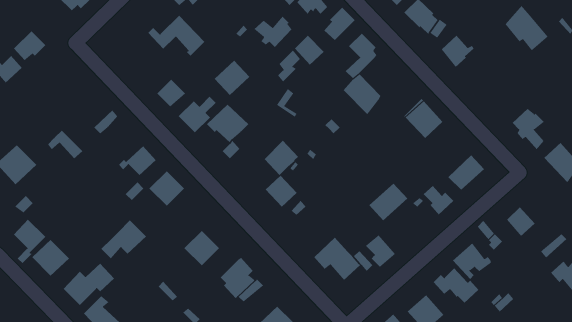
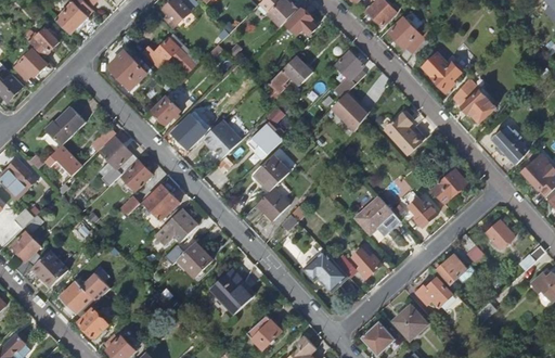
building: [505,5,549,51] -> [453,78,495,123]
building: none -> [26,27,59,56]
building: [323,7,355,41] -> none
building: [254,16,292,48] -> none
building: none -> [106,50,144,89]
building: [214,60,250,96] -> [246,124,281,158]
building: none -> [44,106,85,145]
building: none -> [99,136,135,186]
building: [101,220,147,259] -> [153,208,197,246]

